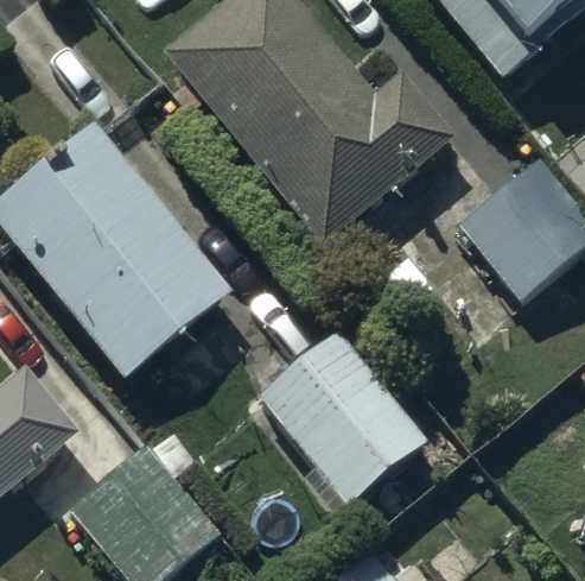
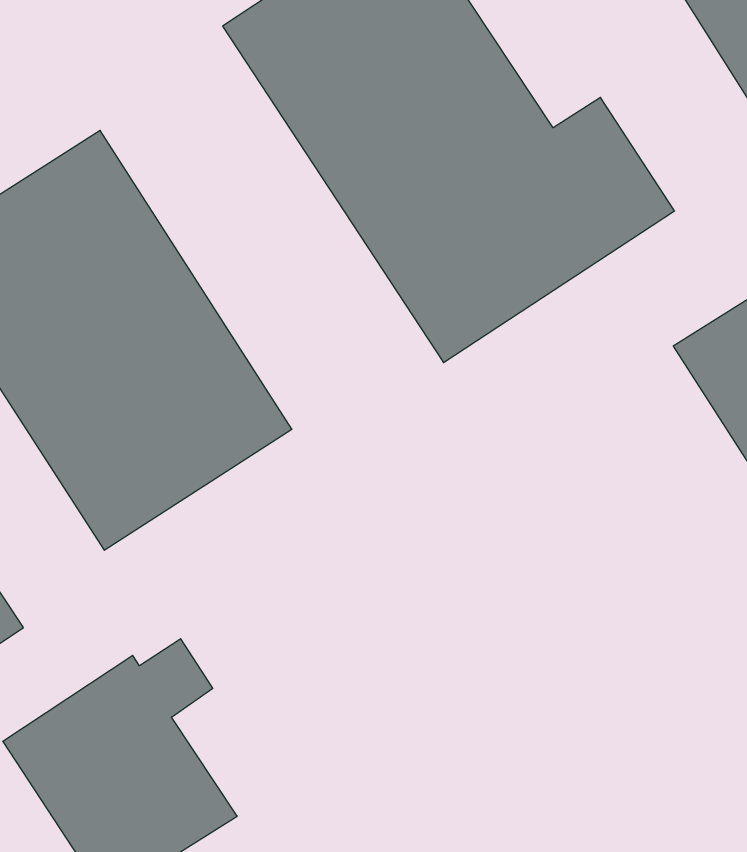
building: [260,329,427,504] -> none

